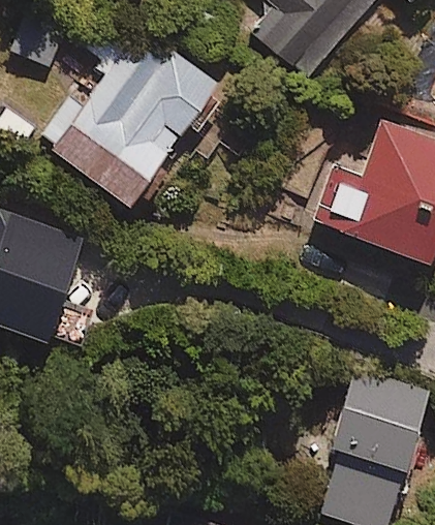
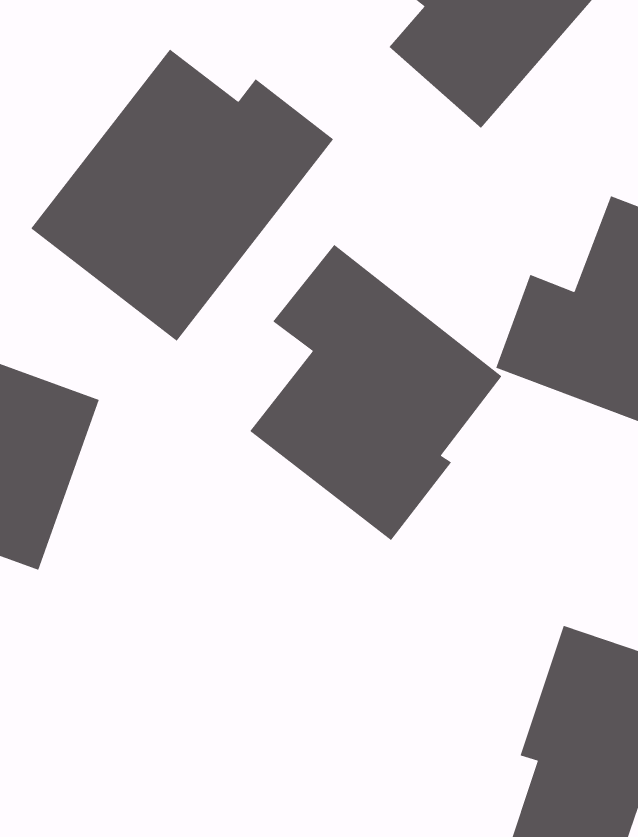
building: none -> [249,244,503,541]

